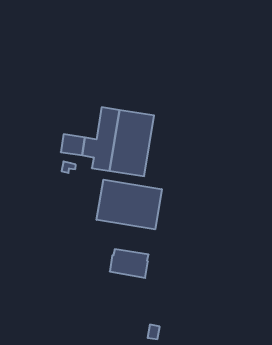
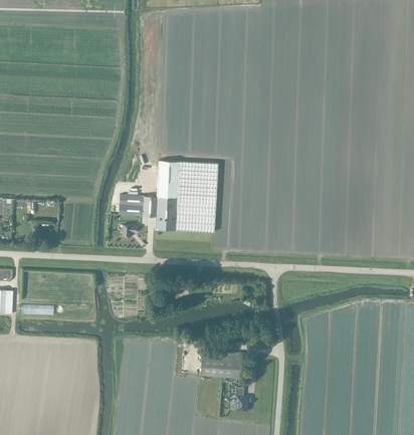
building: [97,180,162,229] -> none
building: [110,249,149,278] -> [200,350,241,378]

